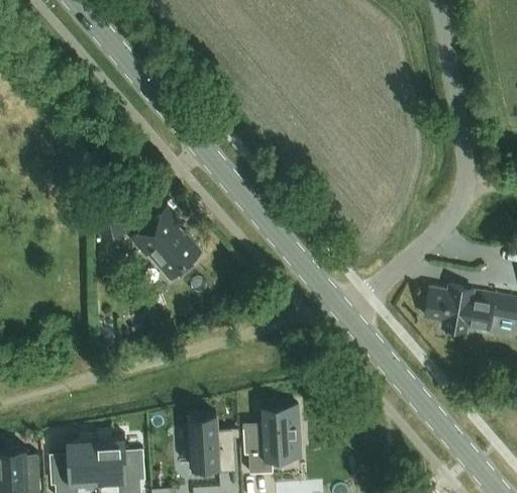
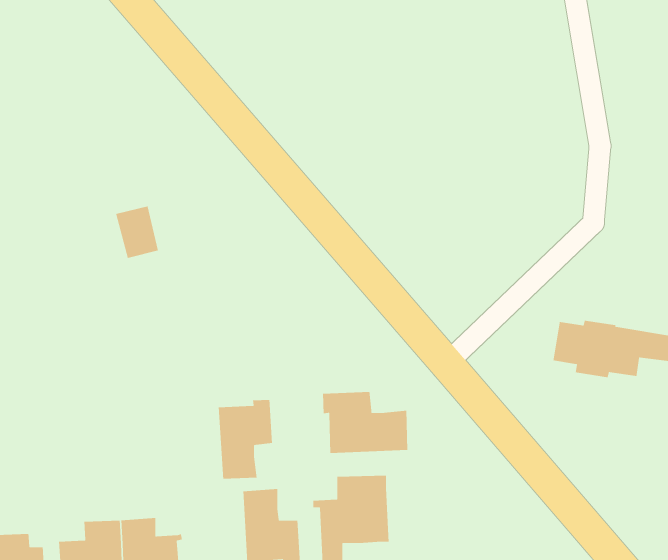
building: [131,209,203,283] -> none
building: none -> [322,391,408,454]
building: none -> [218,399,273,480]

